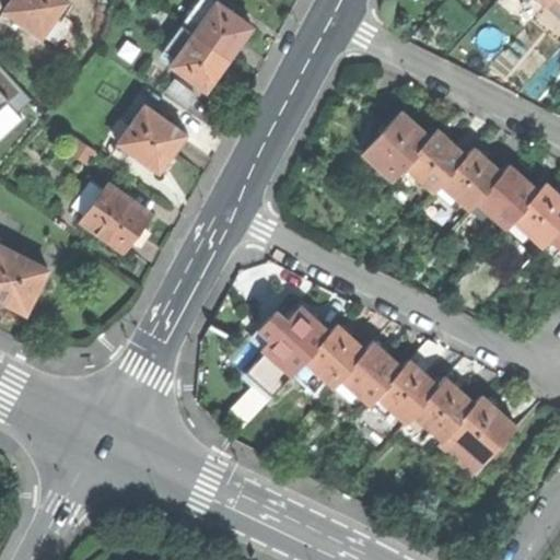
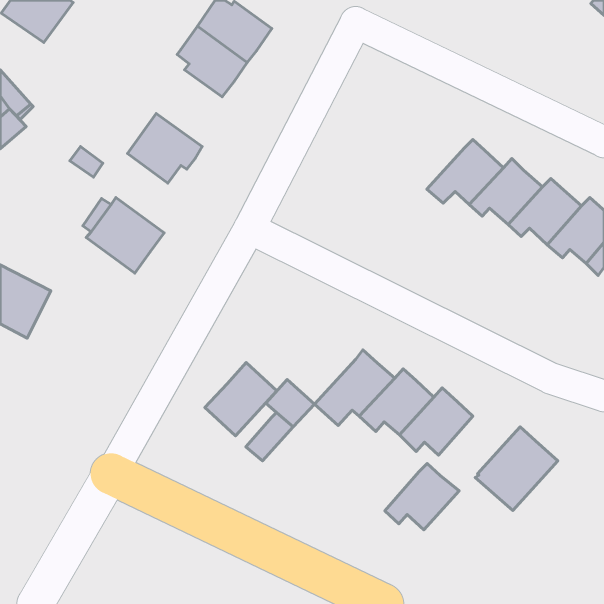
building: [363,112,430,178] -> none
building: [262,306,329,374] -> [205,362,277,436]
building: [406,377,475,439] -> [385,464,459,530]

